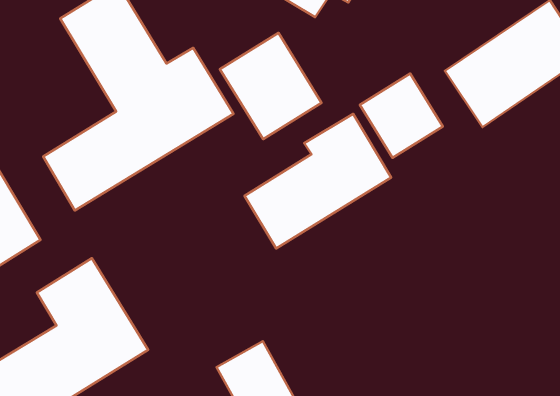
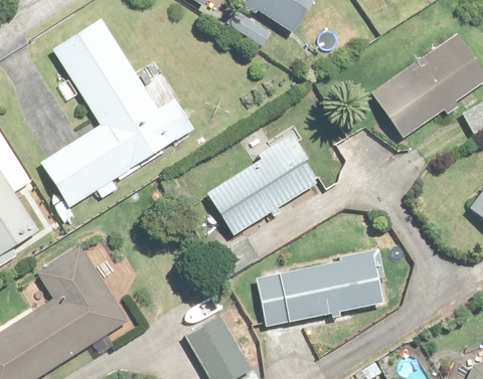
building: [220,33,322,139] -> none
building: [360,74,443,158] -> none
building: none -> [254,253,383,328]

